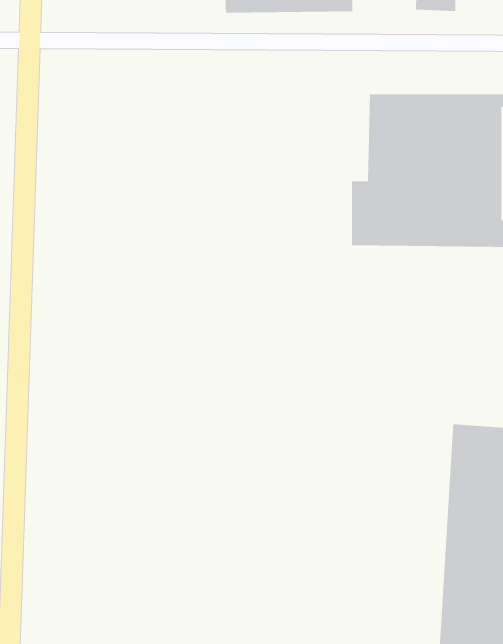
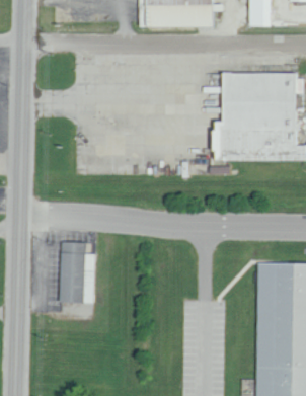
building: none -> [59,241,95,303]

